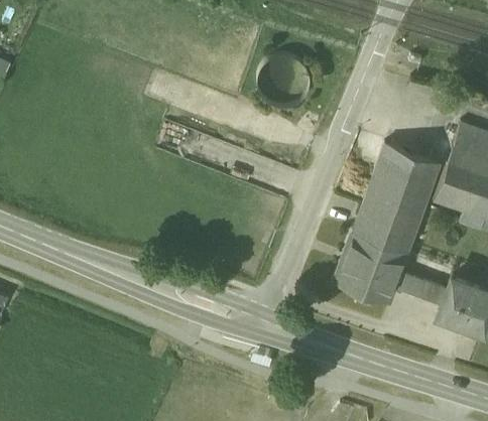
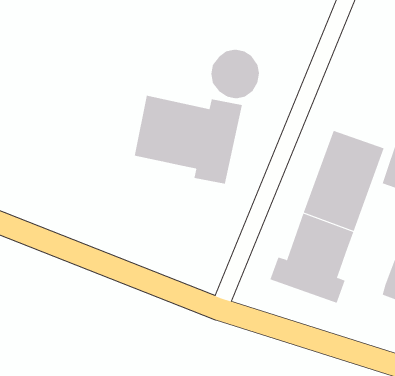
building: none -> [134,95,243,185]
building: [394,271,447,305] -> none

